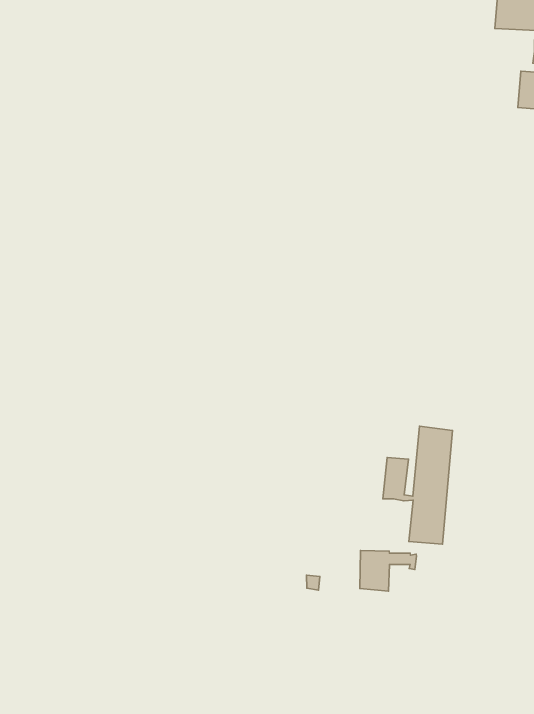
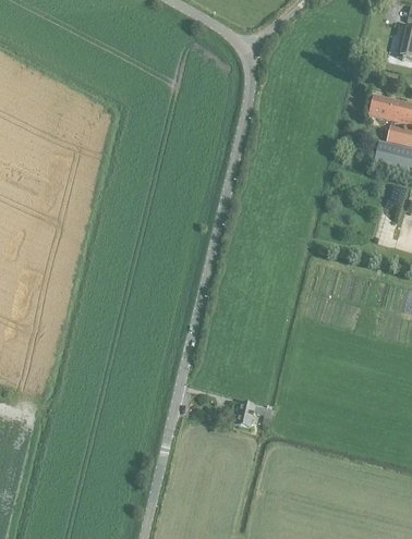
building: [383,426,452,544] -> none

